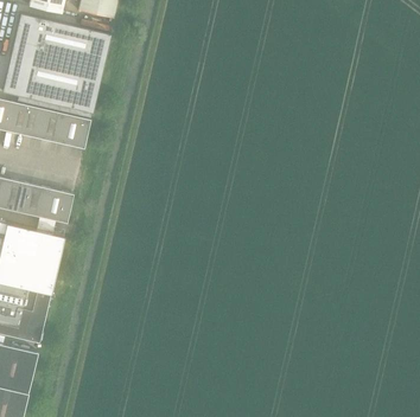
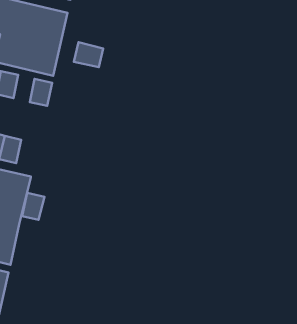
building: none -> [74,42,103,67]
building: [43,110,69,143] -> none
building: [46,190,74,223] -> [22,193,44,220]

